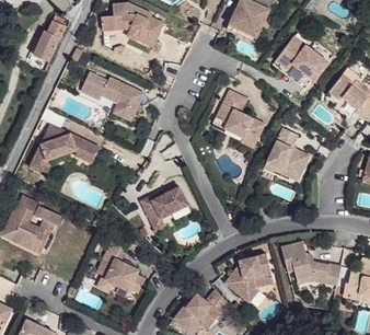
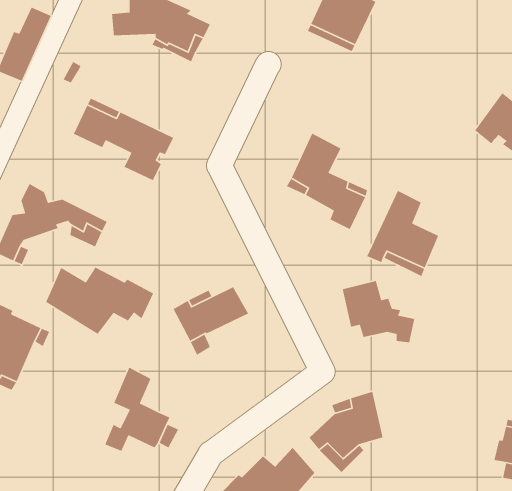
building: [275,35,328,88] -> none
building: none -> [45,266,154,335]
building: [282,244,328,284] -> [342,280,415,343]

